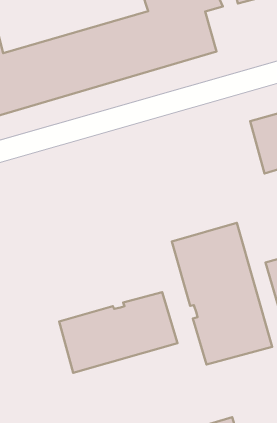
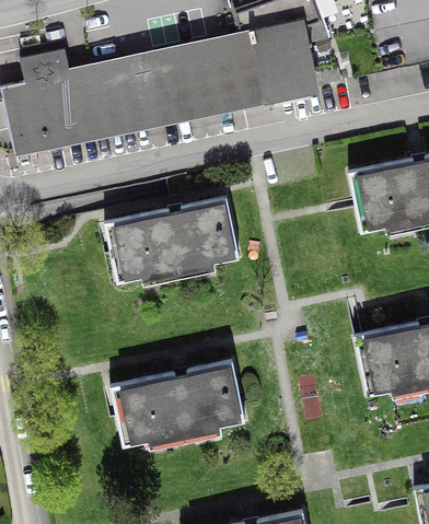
building: none -> [105,198,240,284]
building: [172,223,272,365] -> none

